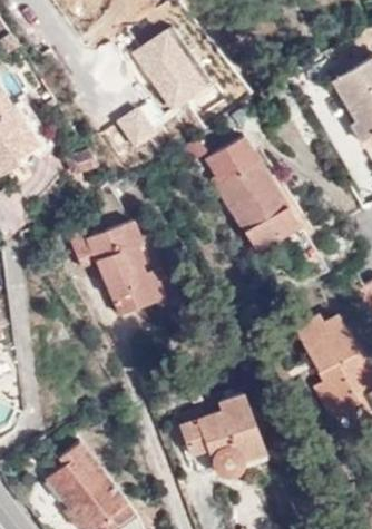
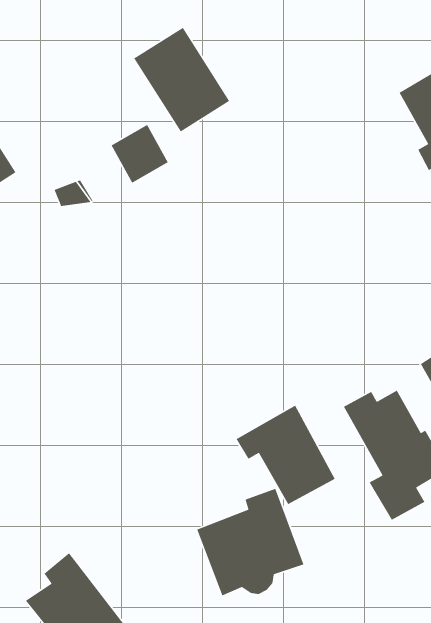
building: [211,137,296,249] -> none
building: [68,221,165,314] -> none
building: none -> [236,405,336,505]

